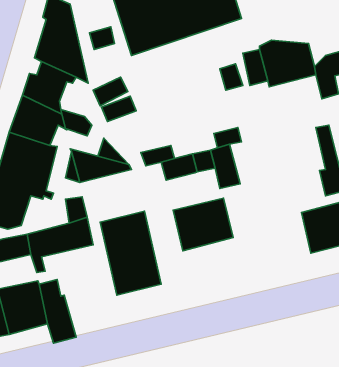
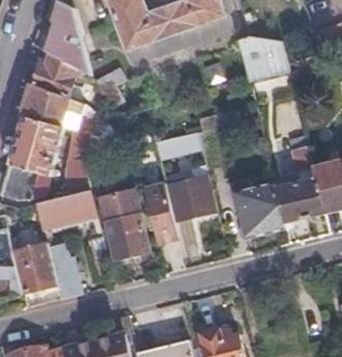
building: none -> [233,181,284,235]
building: none -> [142,184,177,243]

